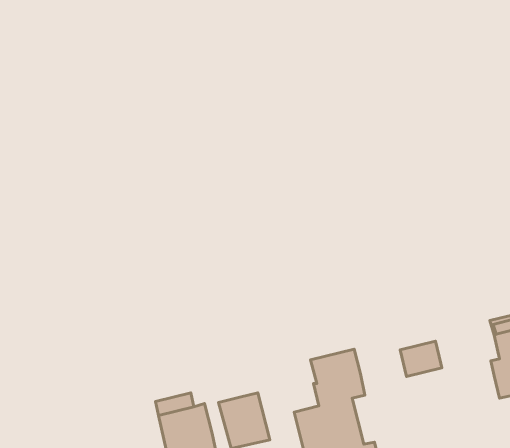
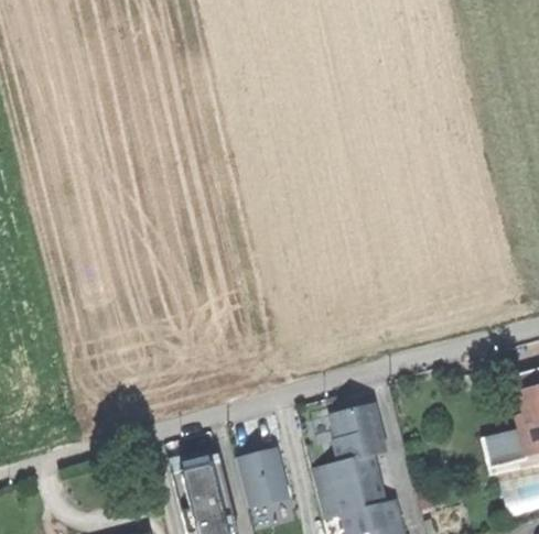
building: [400,341,442,376] -> [484,433,527,469]

